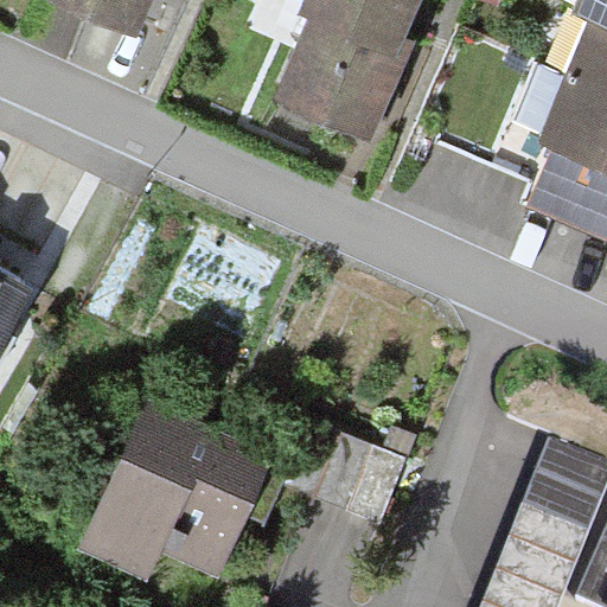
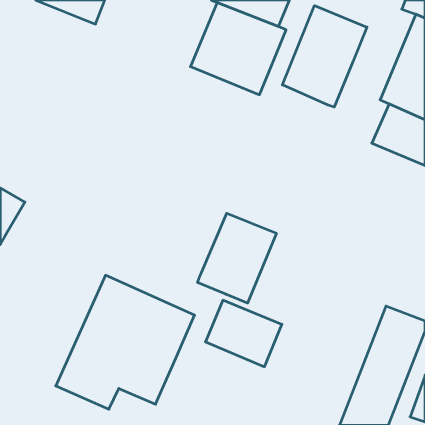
building: none -> [282,6,367,107]
building: none -> [198,213,276,303]

